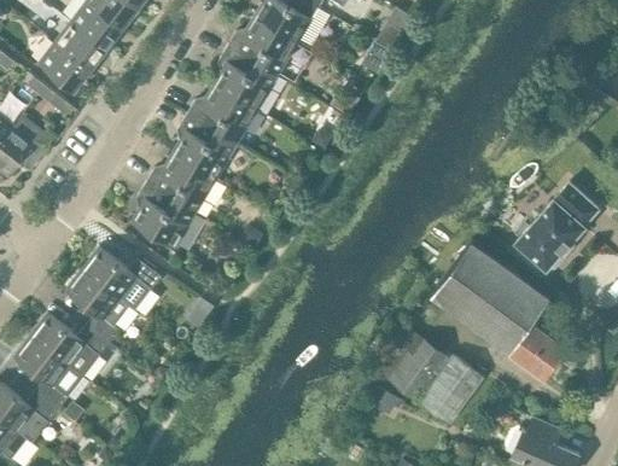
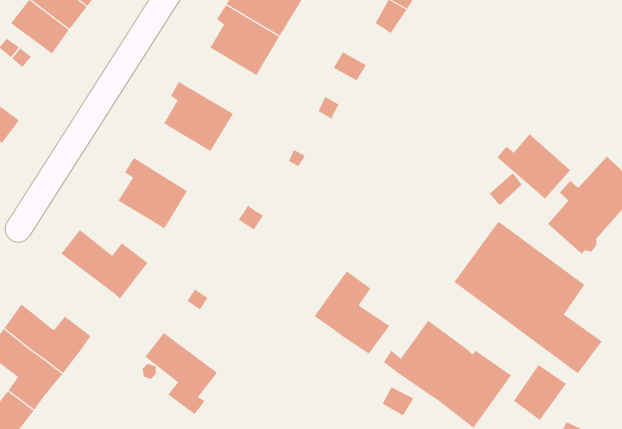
building: [187,86,257,145] -> none
building: [147,153,216,214] -> none
building: none -> [496,133,571,199]
building: [65,269,130,343] -> [145,332,218,415]
building: none -> [314,271,390,354]
building: none -> [513,364,567,421]

